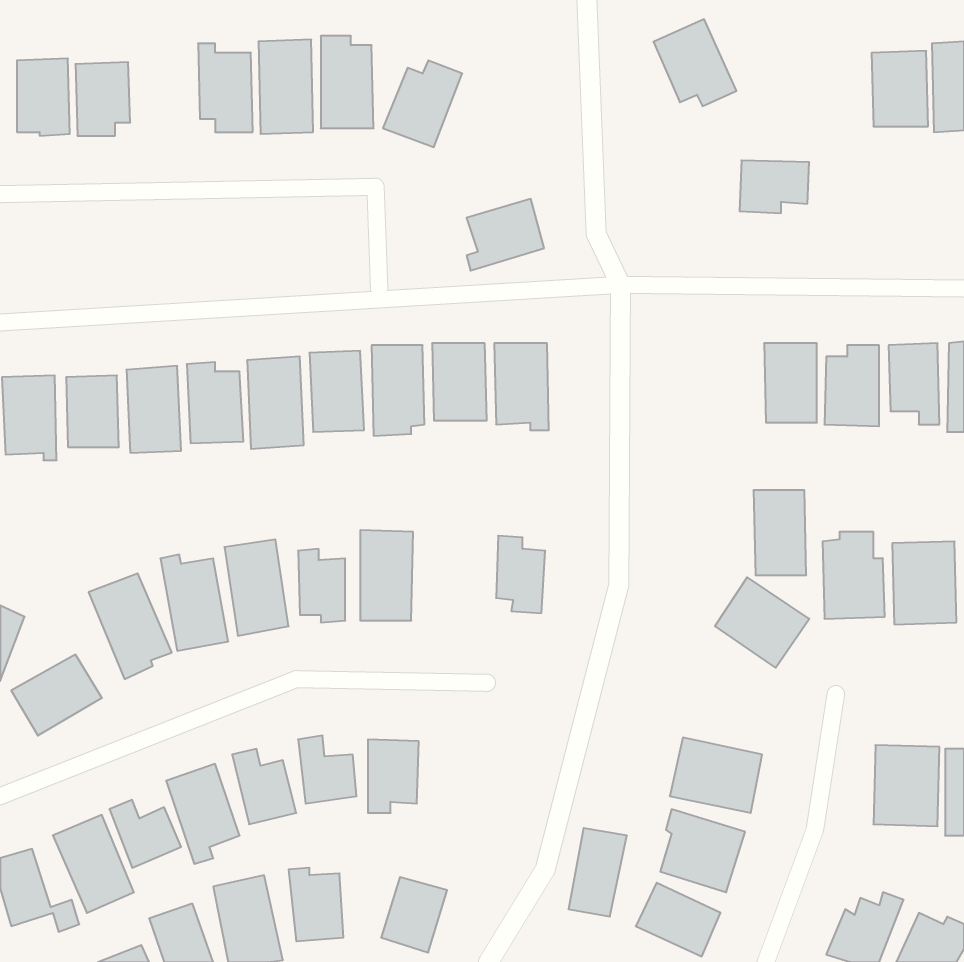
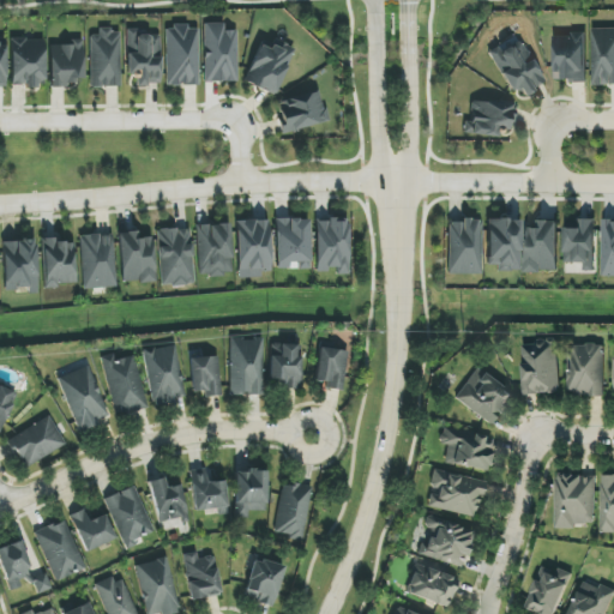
building: [653,19,736,106] -> [492,38,544,94]
building: none -> [89,29,120,86]
building: [467,199,544,271] -> [278,89,327,134]
building: [753,490,806,575] -> [447,219,481,273]
building: none -> [270,343,301,389]
building: none -> [439,427,493,470]
building: [568,828,627,917] -> [275,482,312,538]

